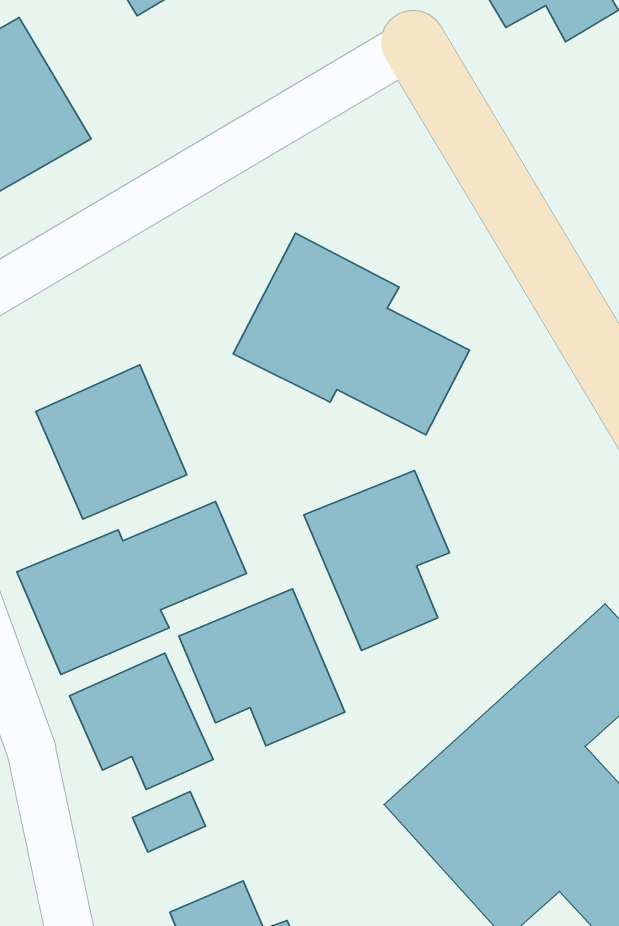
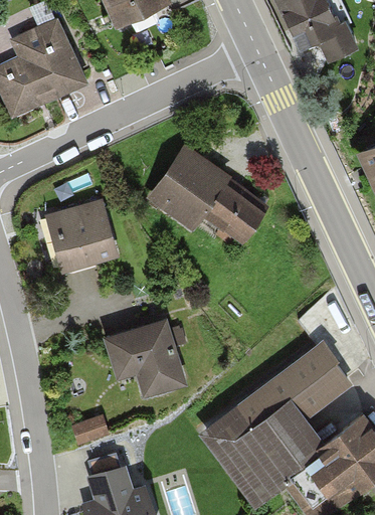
building: [304,470,450,651] -> none
building: [17,501,246,675] -> none
building: [69,653,213,790] -> none

